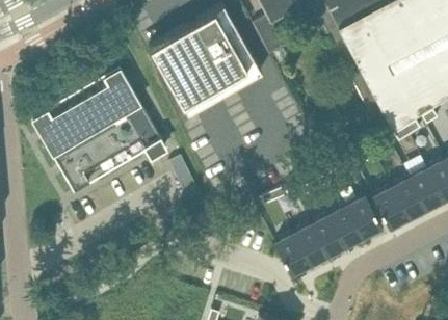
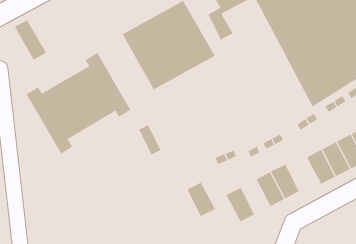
building: none -> [14,19,47,61]
building: [347,195,383,238] -> none
building: [293,223,328,266] -> [187,182,216,217]

